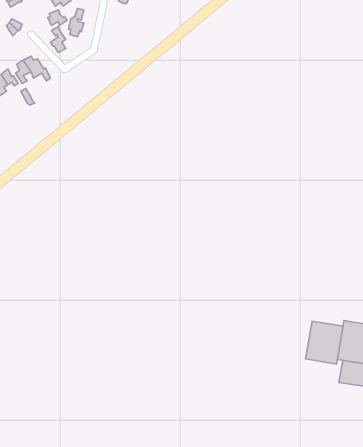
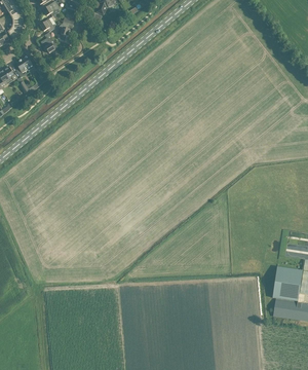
building: [306,321,343,364] -> none

